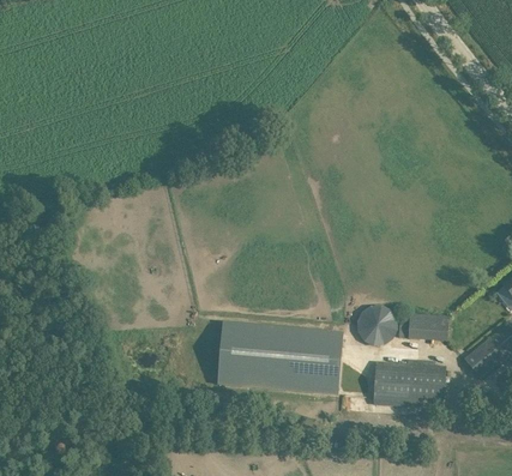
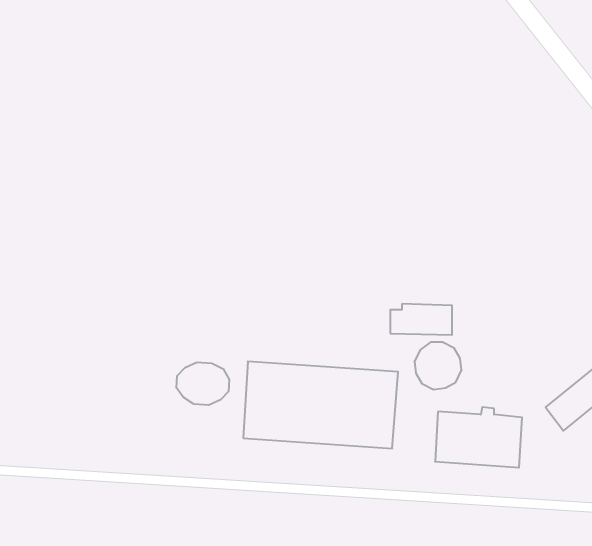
building: [397,313,447,338] -> [390,304,452,335]
building: none -> [176,362,229,405]

